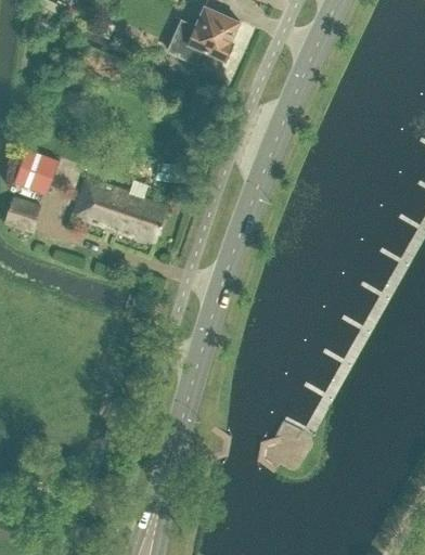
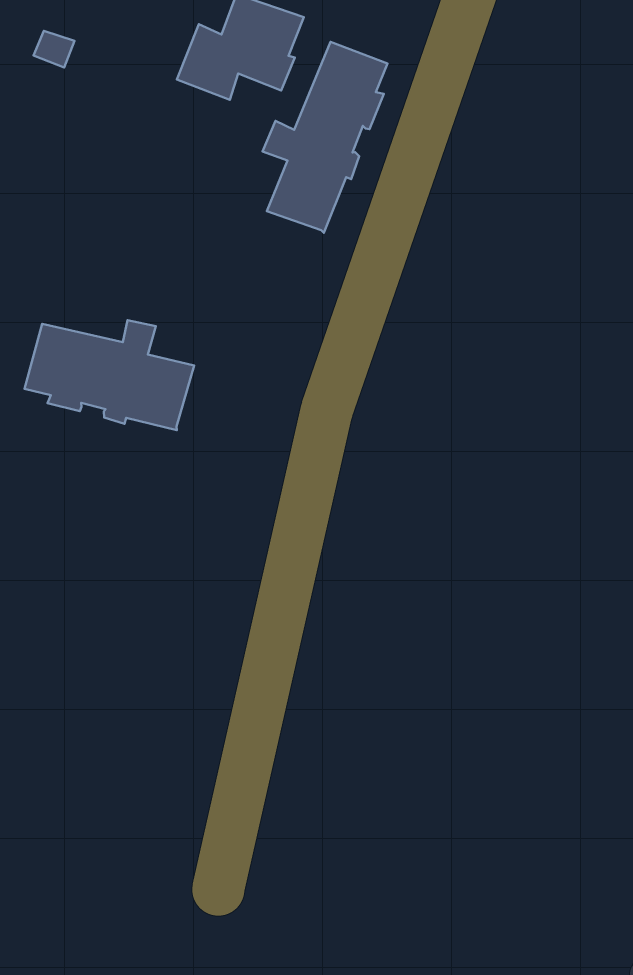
building: none -> [262,42,388,233]

